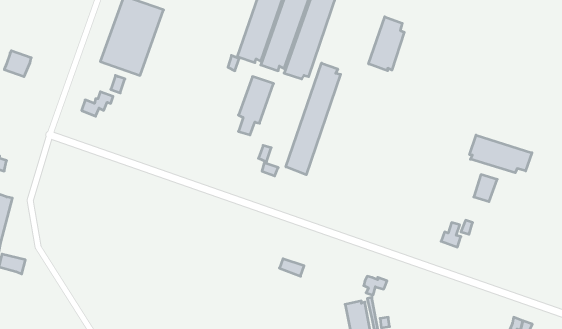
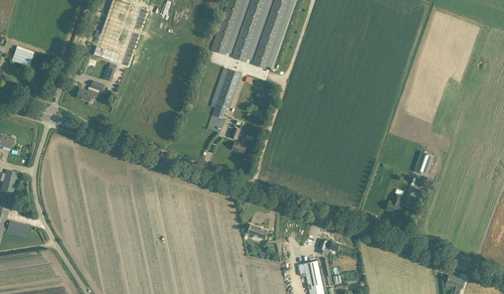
building: [369,17,404,71] -> none
building: [286,63,341,175] -> none
building: [470,135,532,173] -> none

